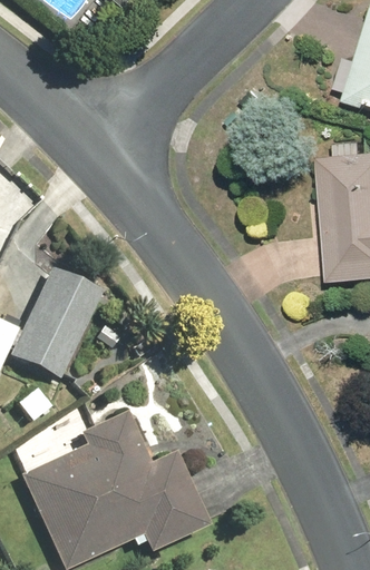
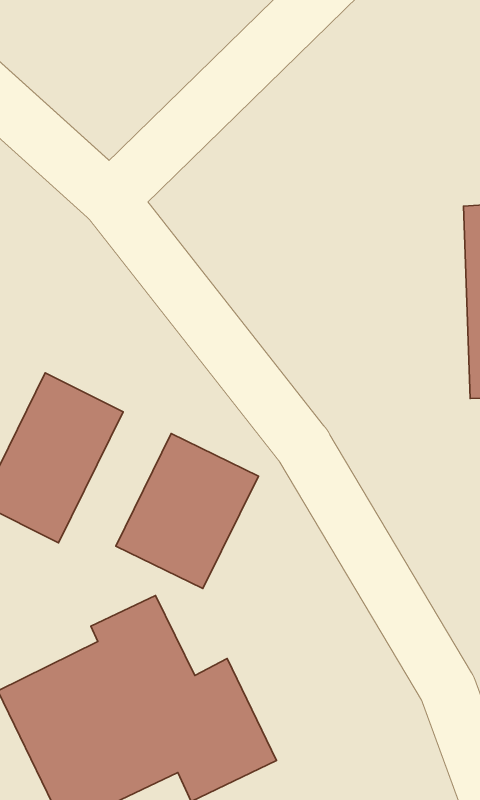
building: none -> [116,434,258,589]

